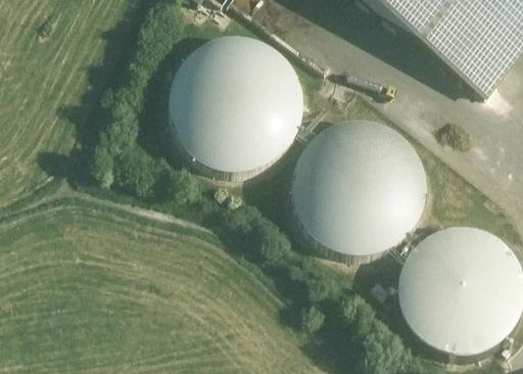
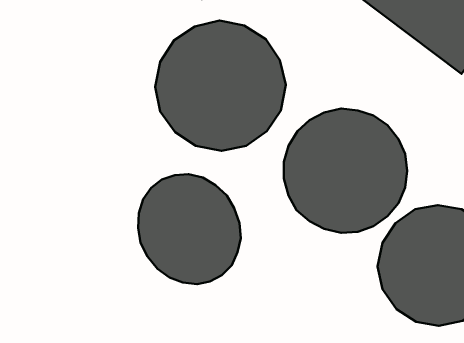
building: none -> [138,174,241,284]

